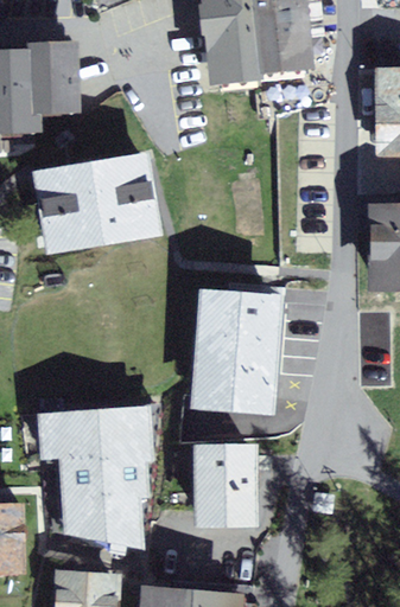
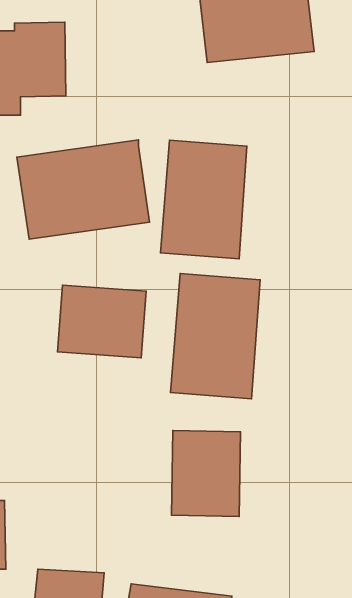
building: none -> [160,140,247,259]
building: none -> [58,285,146,358]
building: [43,409,155,550] -> none

